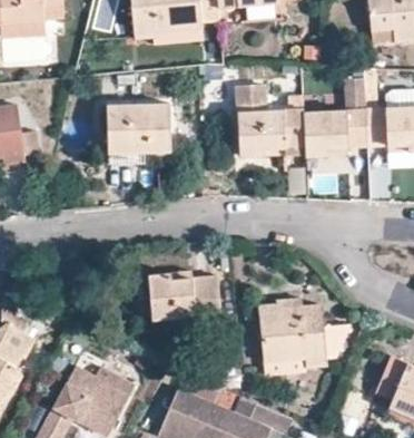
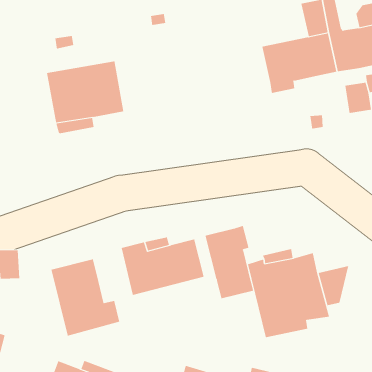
building: [236,89,305,157] -> none
building: none -> [205,225,254,299]
building: none -> [51,258,120,336]

